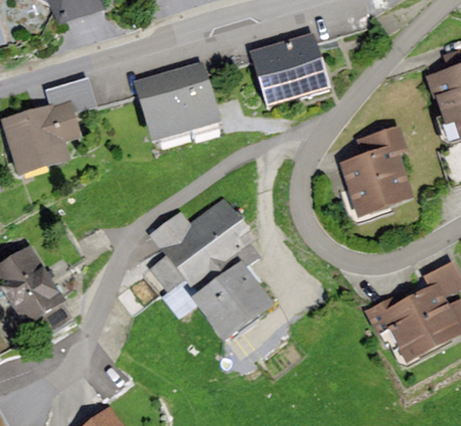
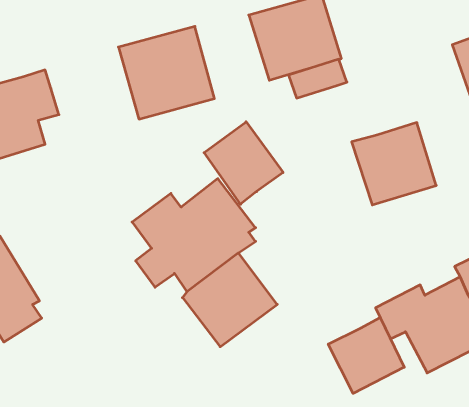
building: [44,75,97,115] -> none
building: [354,122,406,156] -> [289,59,347,98]
building: none -> [204,122,283,204]
building: none -> [328,317,404,393]

